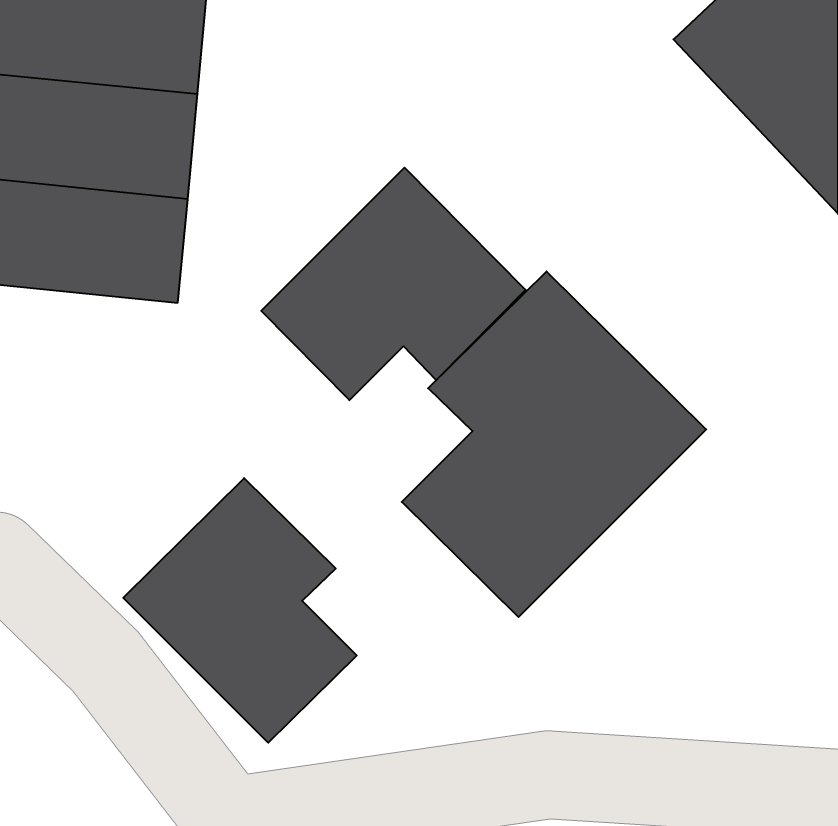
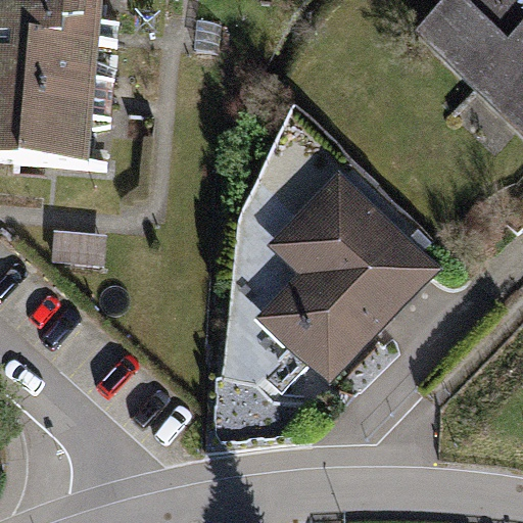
building: [261,168,526,400] -> none
building: [123,478,357,743] -> none

